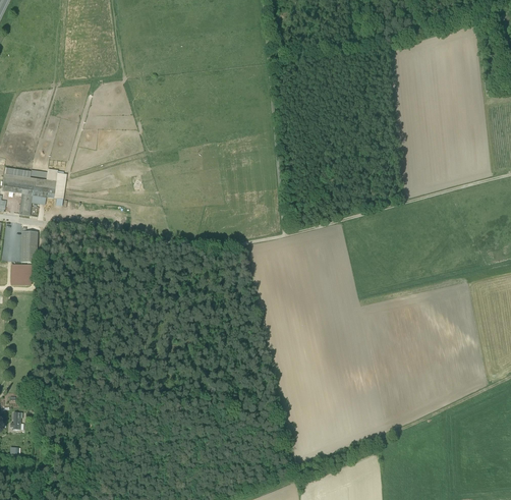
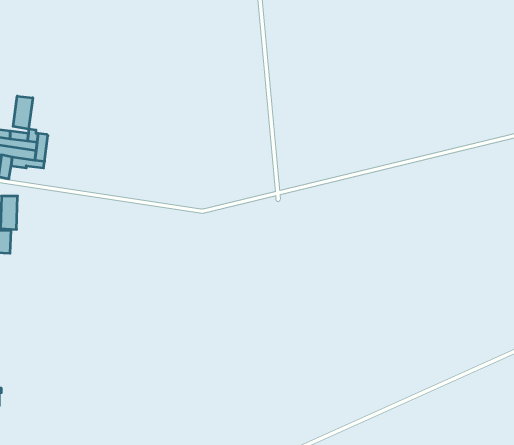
building: none -> [13,96,33,129]

